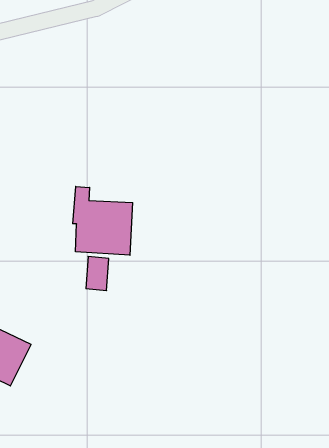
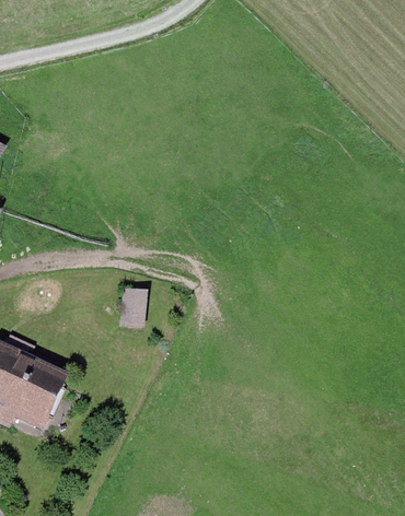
building: [73,186,133,255] -> none

